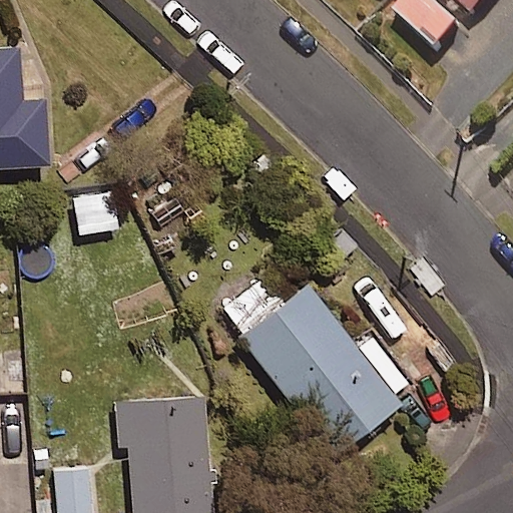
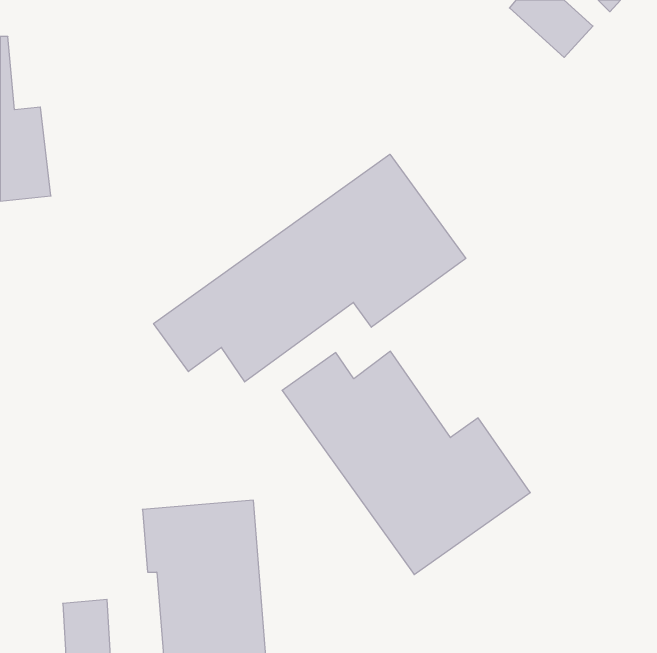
building: none -> [154,154,466,382]

